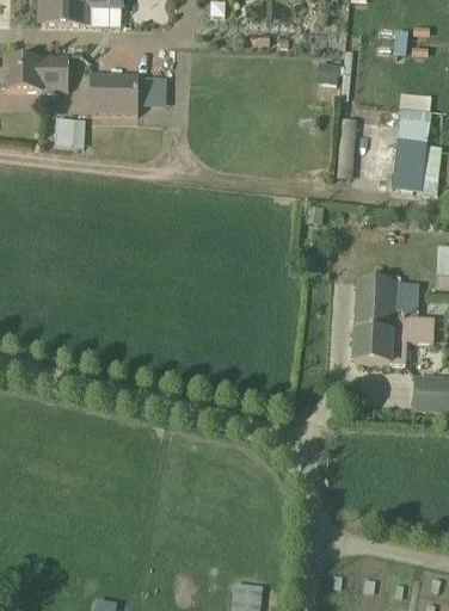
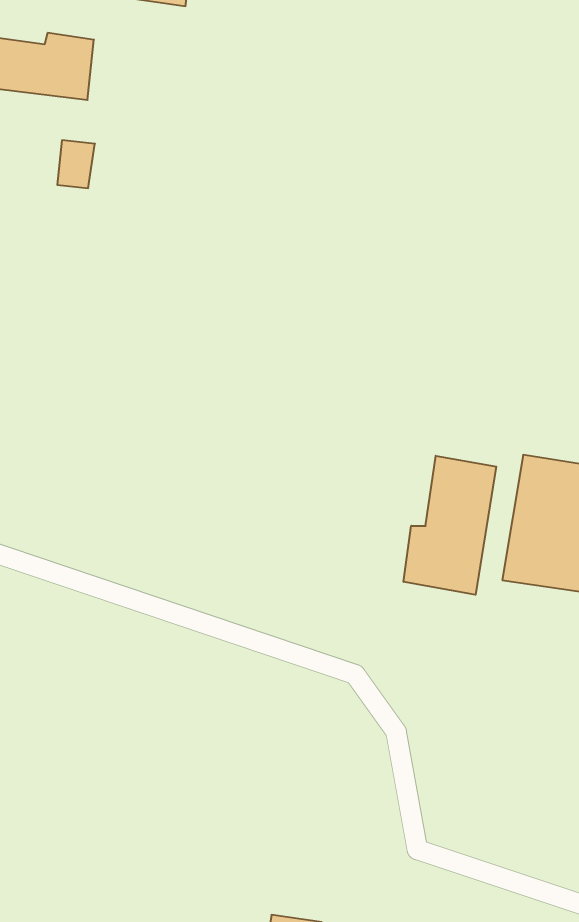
building: [88,75,167,116] -> none
building: none -> [404,456,496,595]

